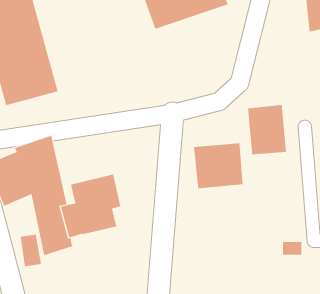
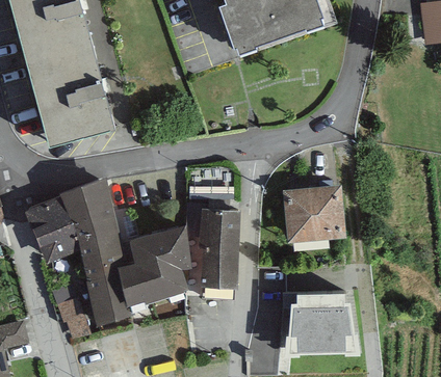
building: [248,104,287,155] -> none
building: none -> [198,208,238,288]
building: none -> [281,288,359,353]

